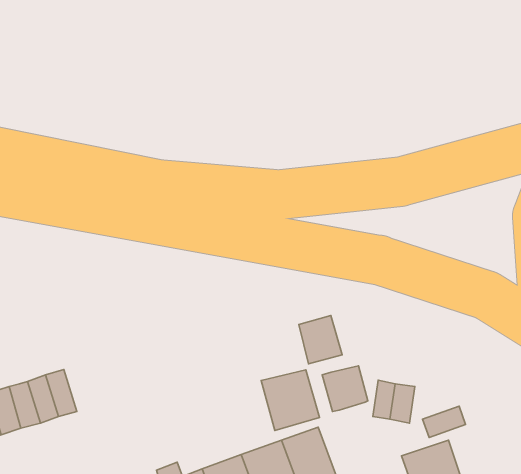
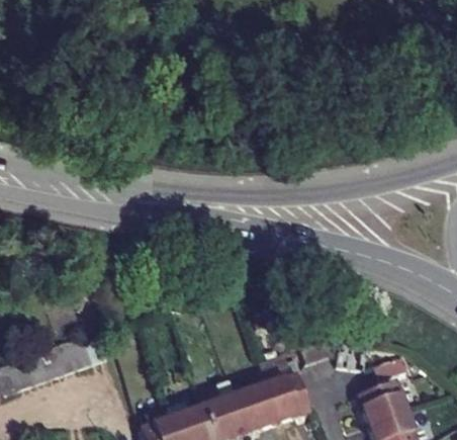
building: [299,315,342,364] -> none
building: [261,370,320,430] -> none

